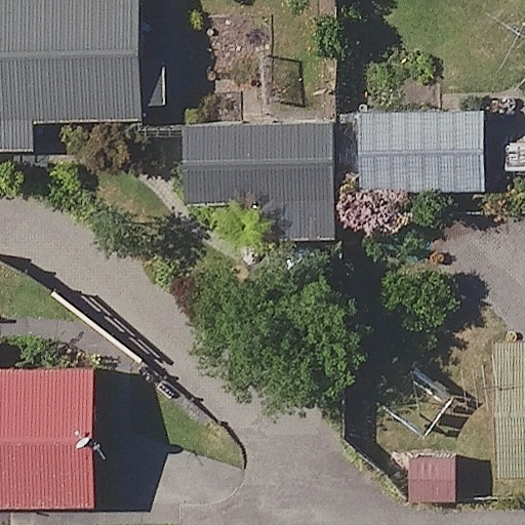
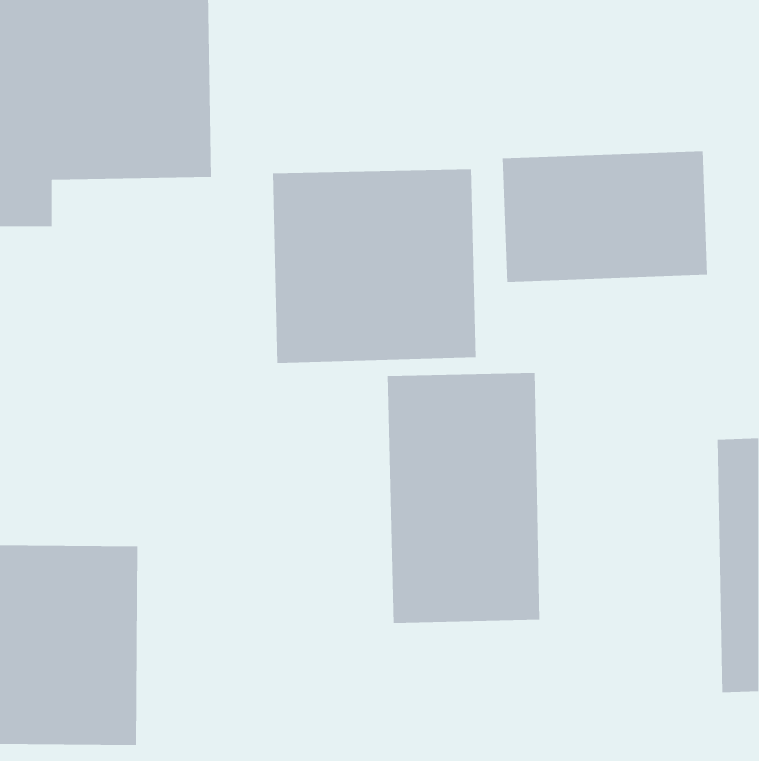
building: none -> [387,372,540,624]

